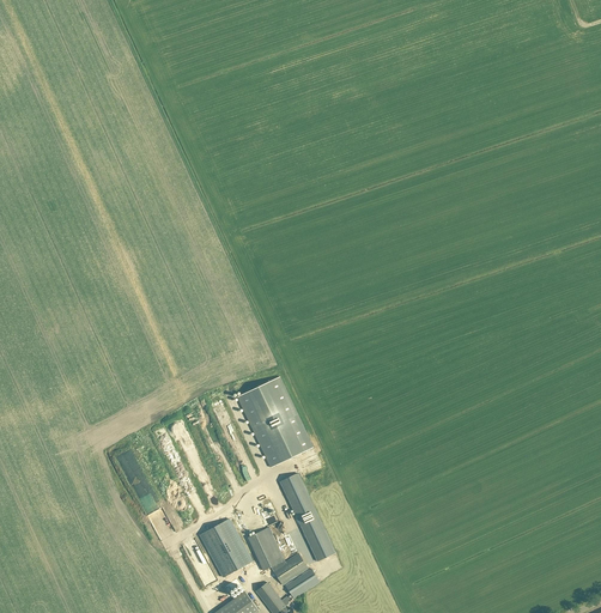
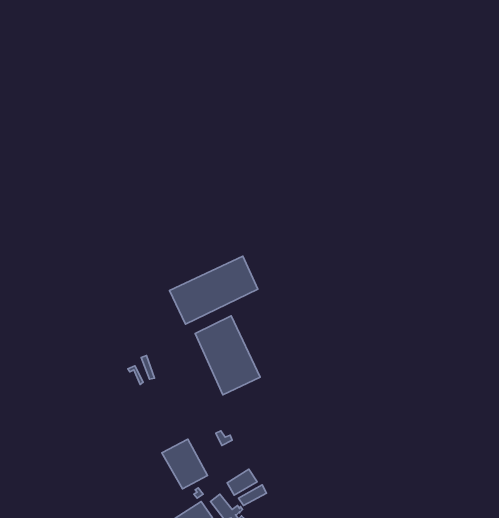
building: none -> [169,256,258,324]
building: [278,472,334,560] -> none
building: [253,528,283,566] -> none

